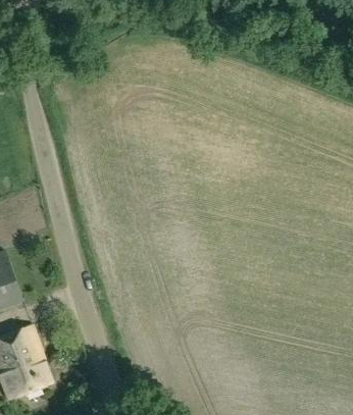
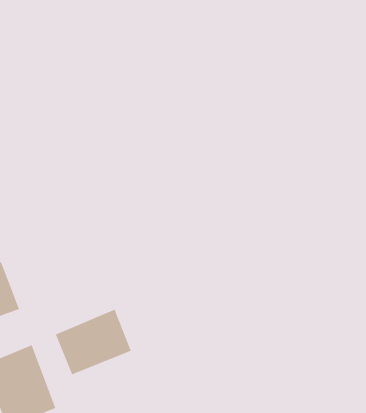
building: none -> [55,309,131,375]

